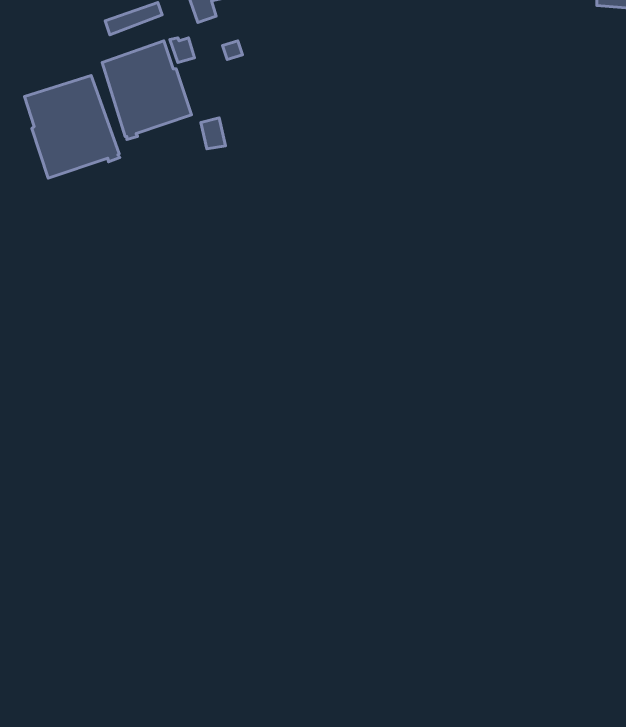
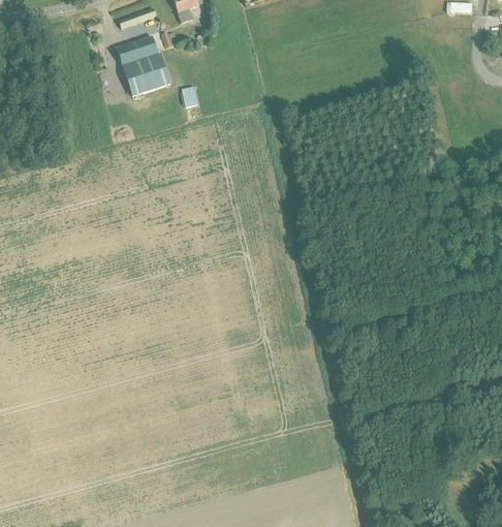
building: [24,75,120,178] -> none

